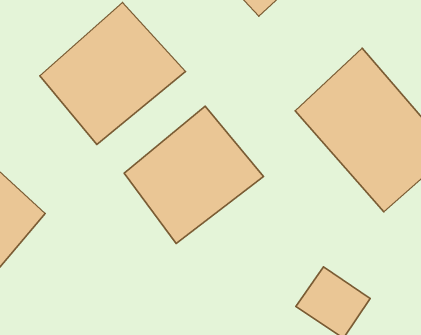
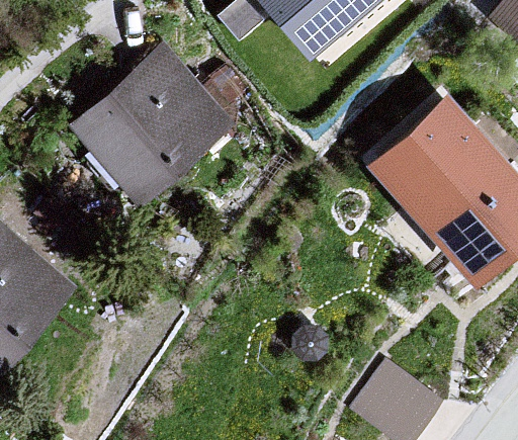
building: [124,106,263,243] -> none

